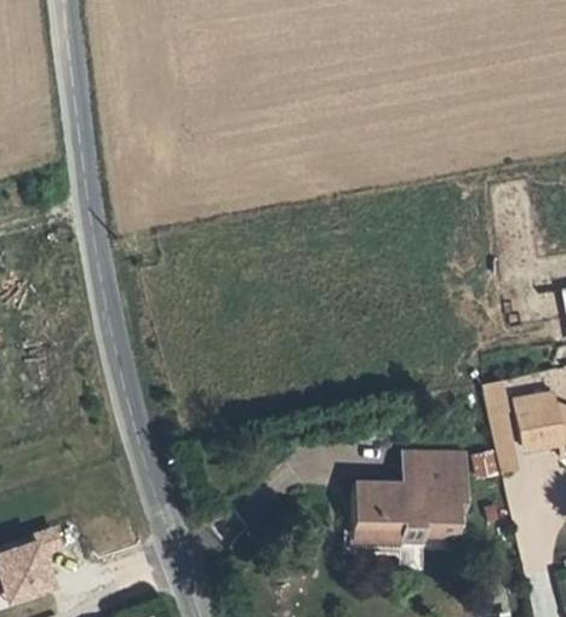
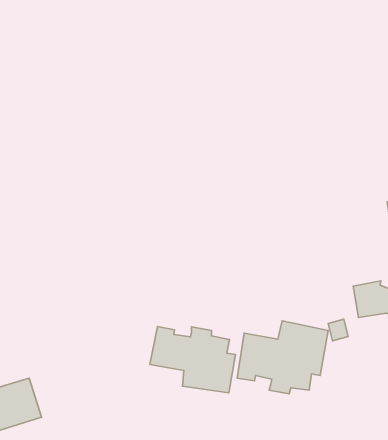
building: none -> [150,327,236,393]

